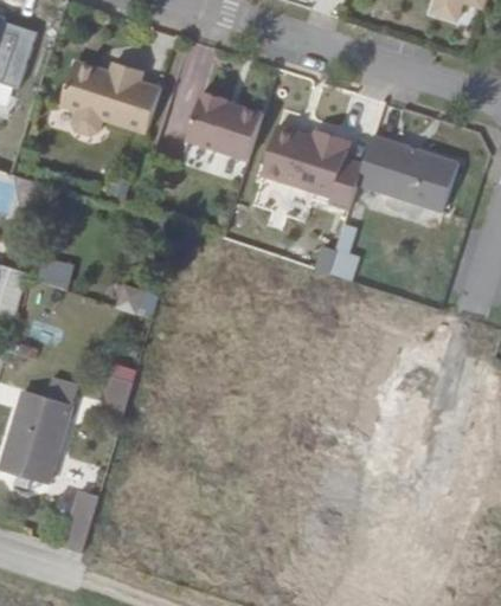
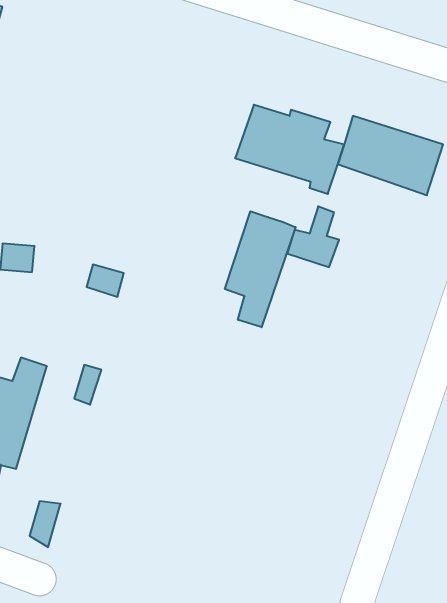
building: [59,62,159,135] -> none
building: [187,92,261,160] -> none
building: none -> [225,211,296,327]

